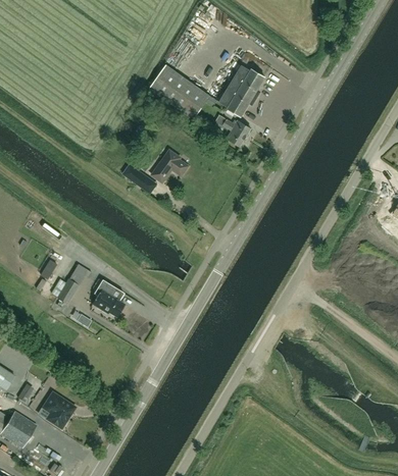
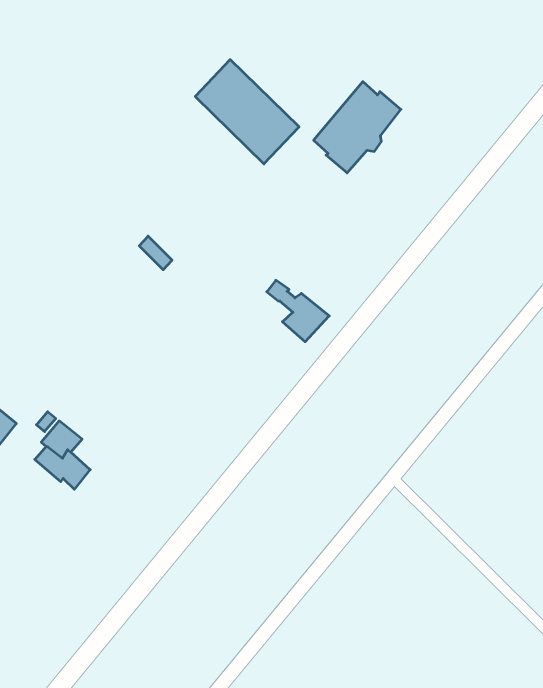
building: [215,114,252,146] -> [267,280,329,342]
building: [152,150,189,182] -> none

